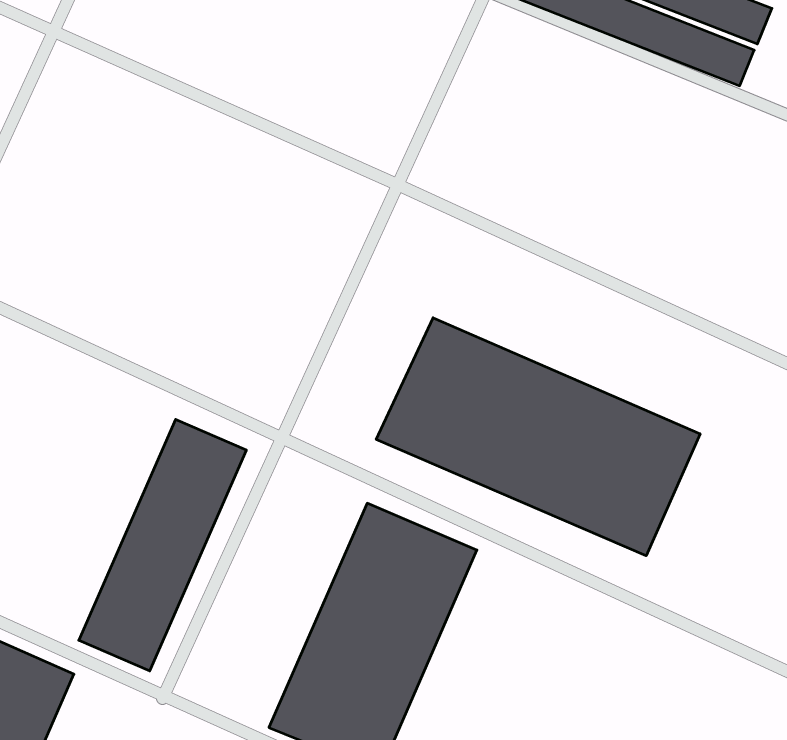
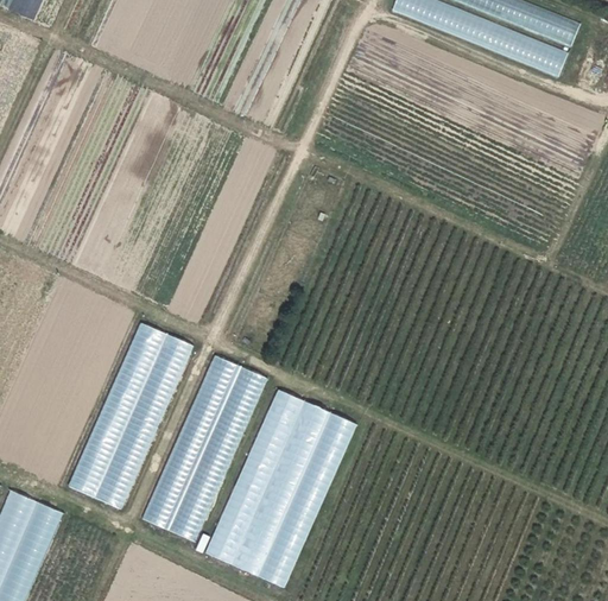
building: [376,318,700,556] -> none
building: none -> [140,356,264,542]

